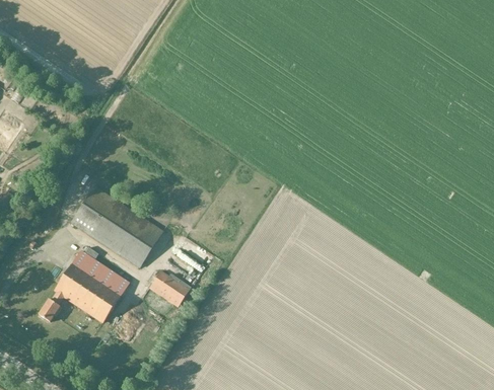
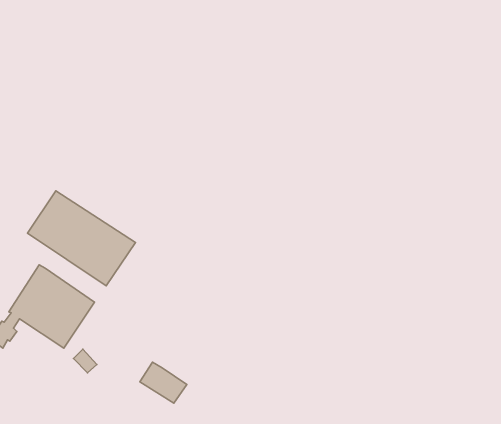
building: [149,270,190,306] -> [140,362,187,403]

